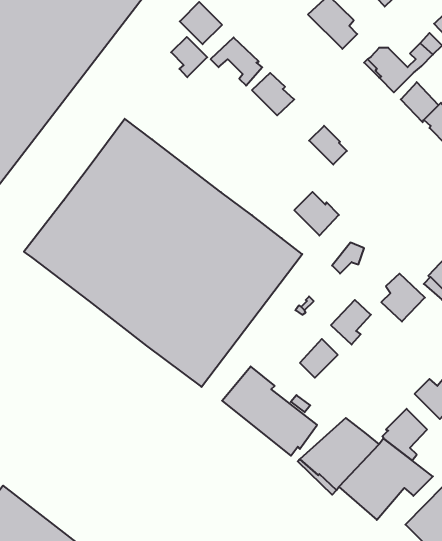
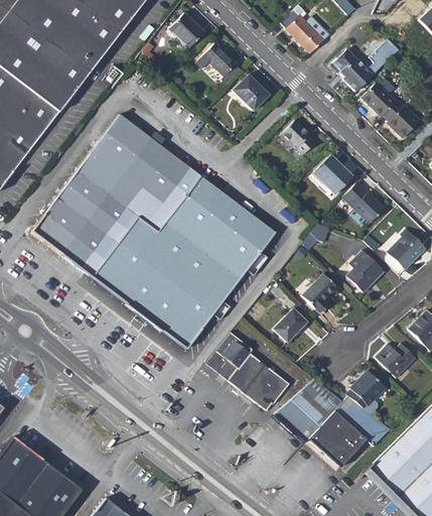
building: [171,37,207,77] -> none
building: [294,192,339,236] -> [313,156,352,195]
building: none -> [343,181,385,223]

